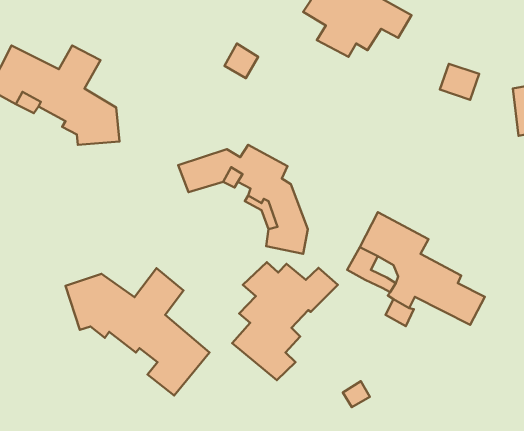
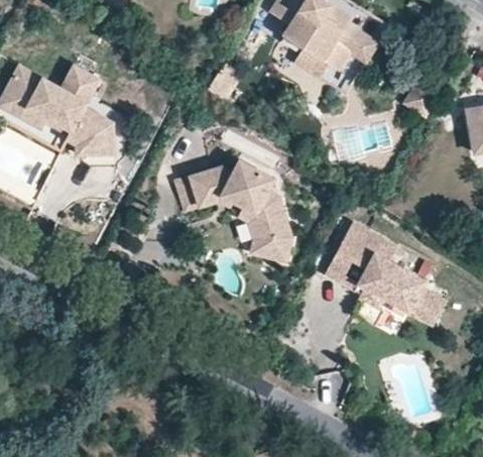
building: [232,262,338,380] -> none
building: [65,268,209,395] -> none

